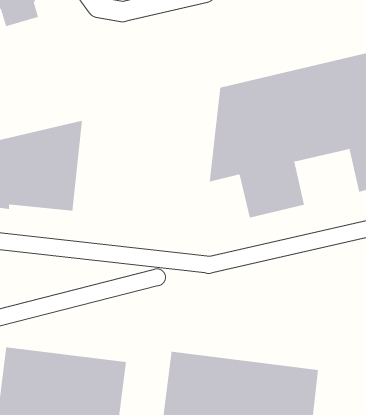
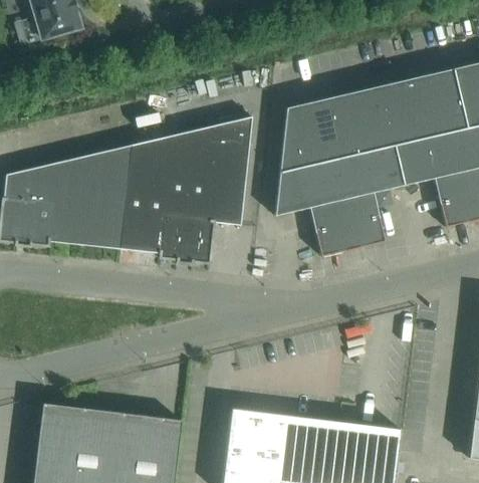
building: none -> [121,117,256,262]

